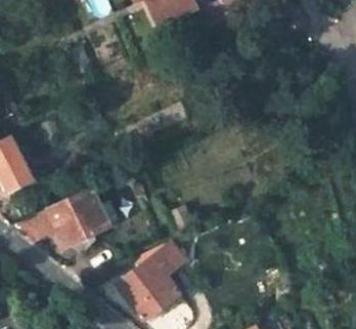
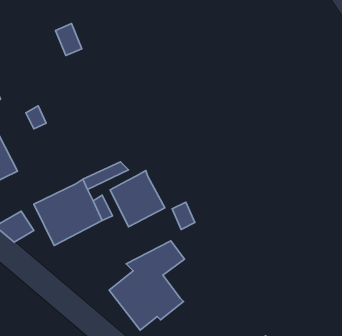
building: none -> [110,171,165,227]

